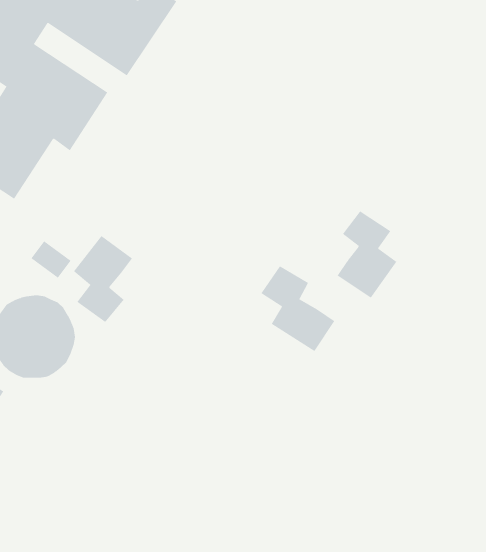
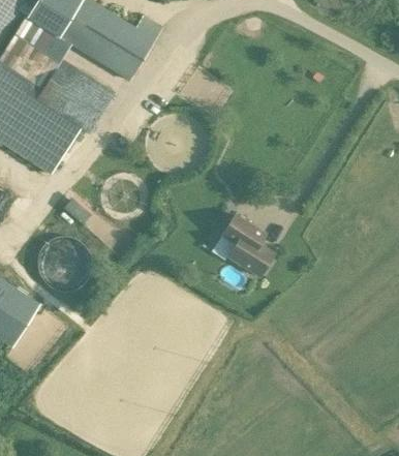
building: [337,211,397,298] -> none
building: [73,235,133,323] -> none

